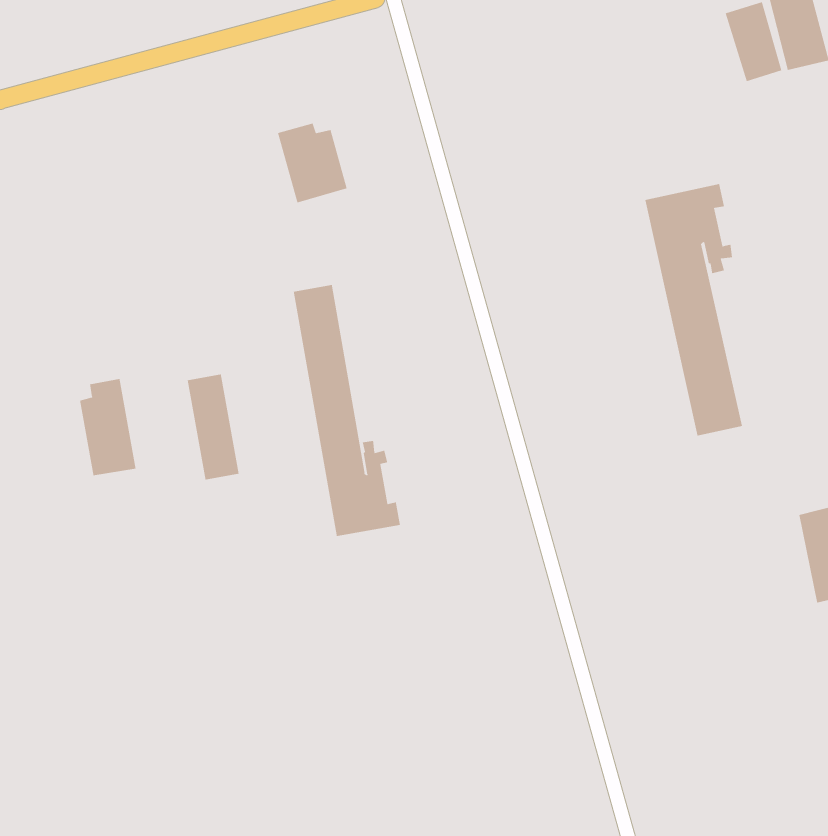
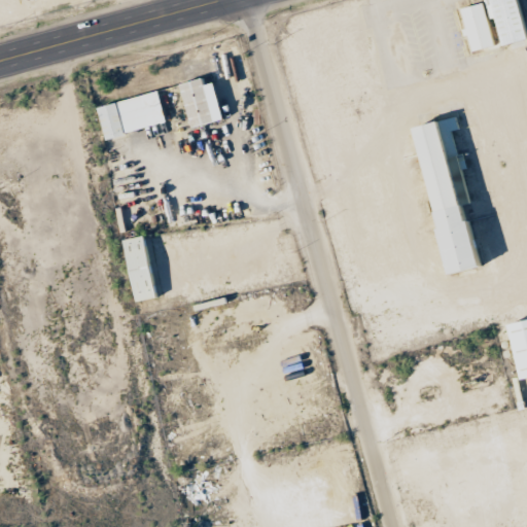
building: none -> [99,91,168,138]
building: [293,284,400,537] -> none
building: [79,378,136,476] -> none

